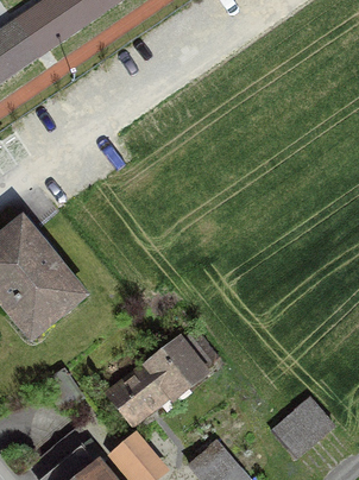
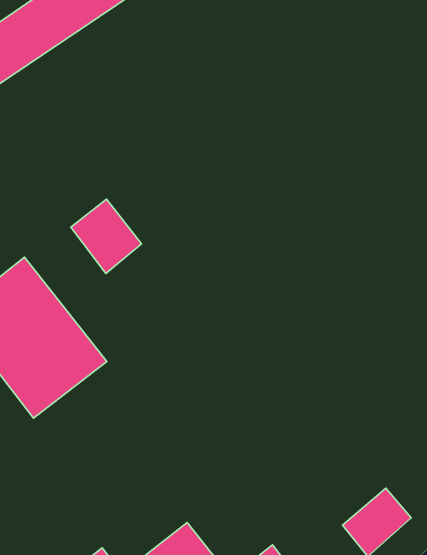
building: none -> [71,199,142,274]
building: [112,342,207,419] -> none

